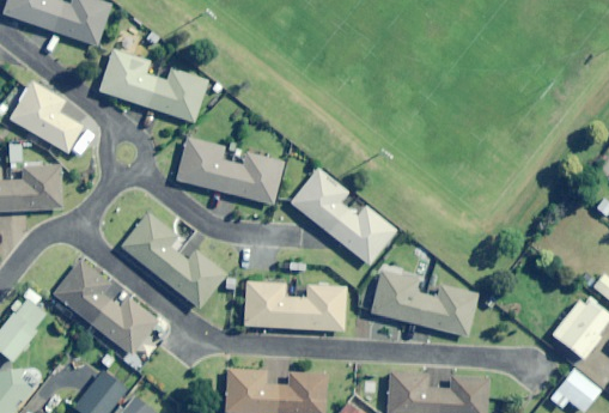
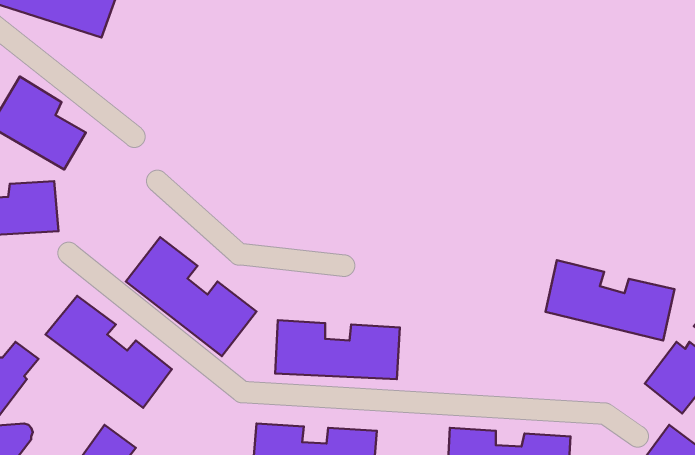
building: [98,48,207,123] -> none
building: [176,136,285,204] -> none
building: [291,169,396,263] -> none
building: [370,269,477,336] -> [546,260,675,341]

